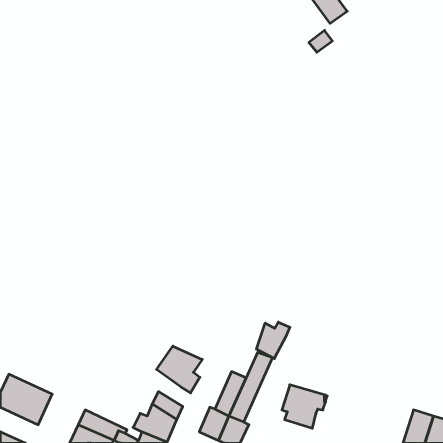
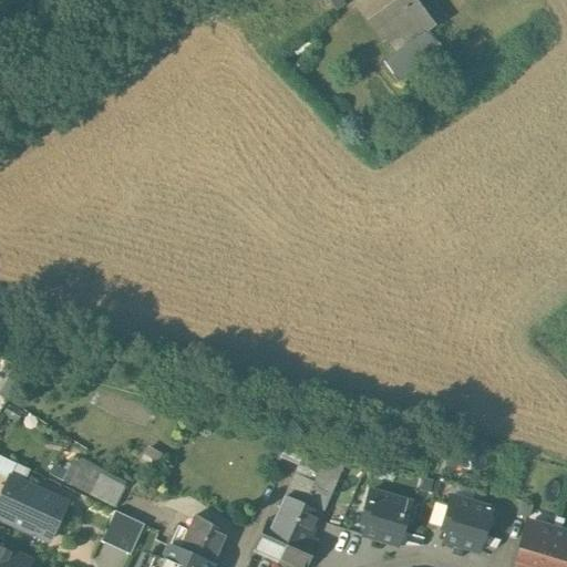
building: [256,322,290,359] -> none
building: [157,346,202,393] -> none
building: none -> [64,458,125,506]
building: none -> [442,496,501,550]

